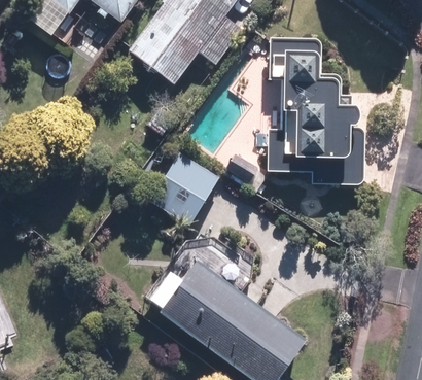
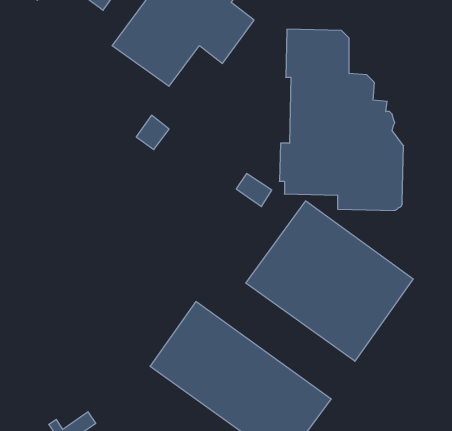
building: [152,153,218,221] -> none
building: none -> [246,201,413,361]

